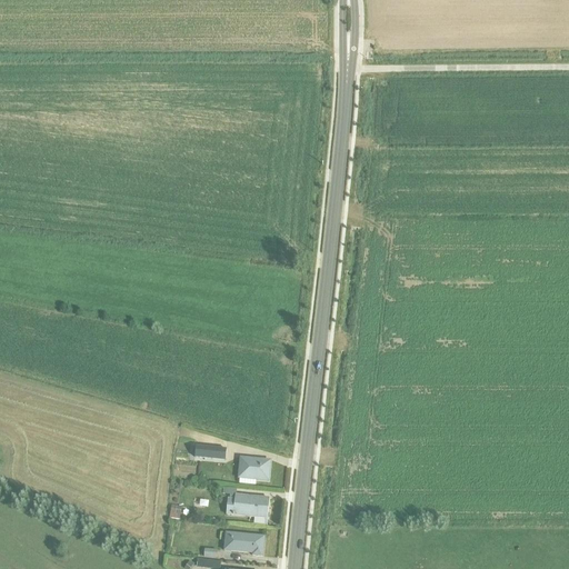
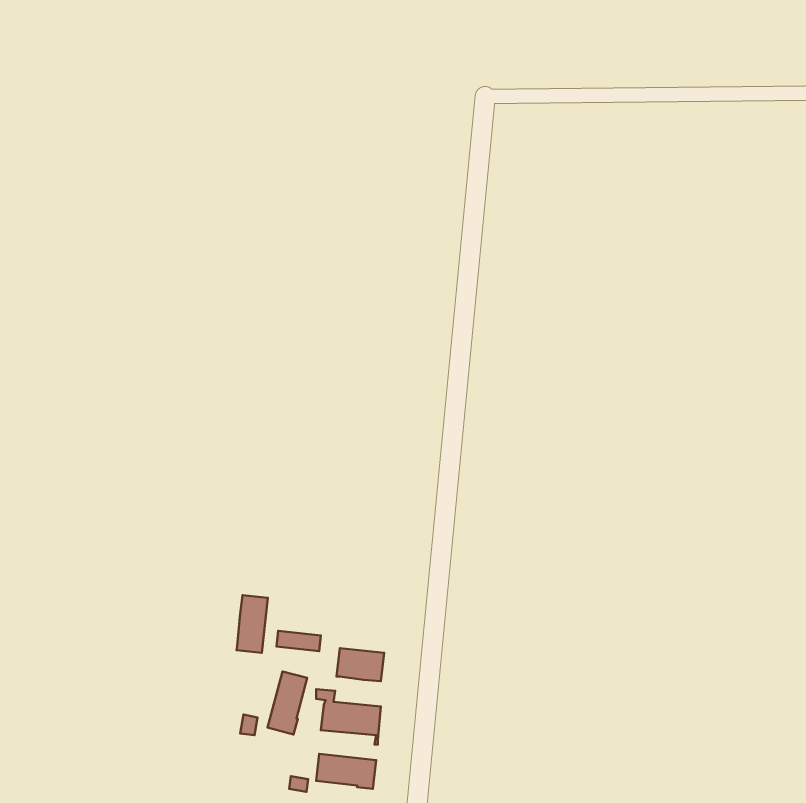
building: none -> [236,595,268,653]
building: none -> [268,671,307,734]

